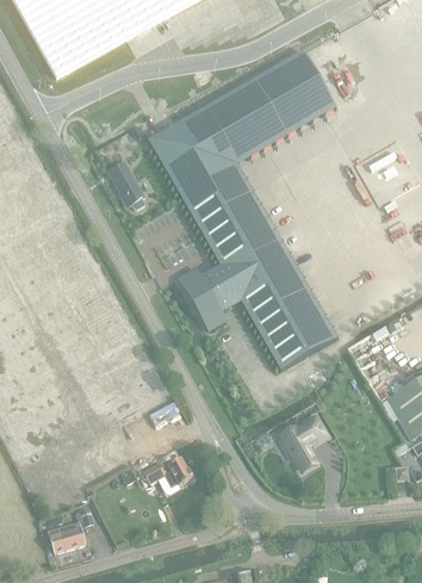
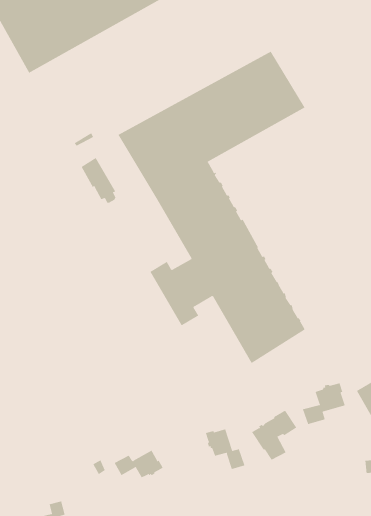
building: none -> [302,382,346,425]
building: none -> [205,429,245,470]

